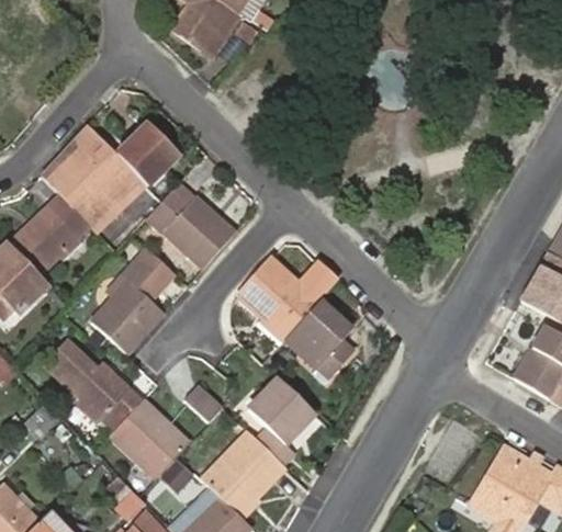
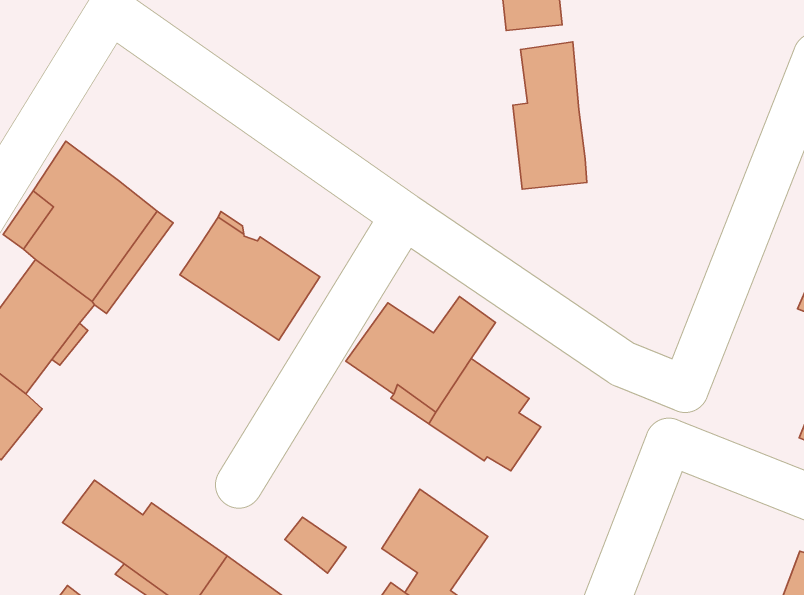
building: none -> [513,42,587,189]
building: [117,125,178,186] -> none
building: [90,249,170,355] -> none

